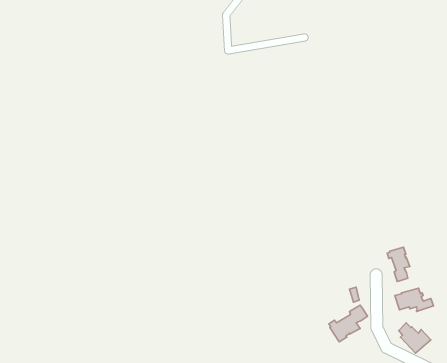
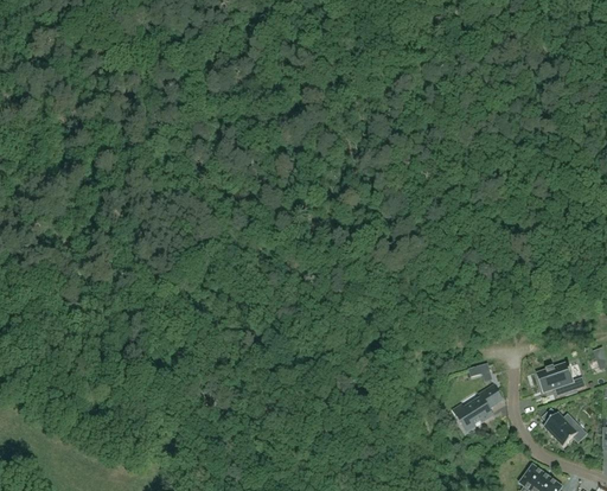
building: [387,247,410,281] -> none

